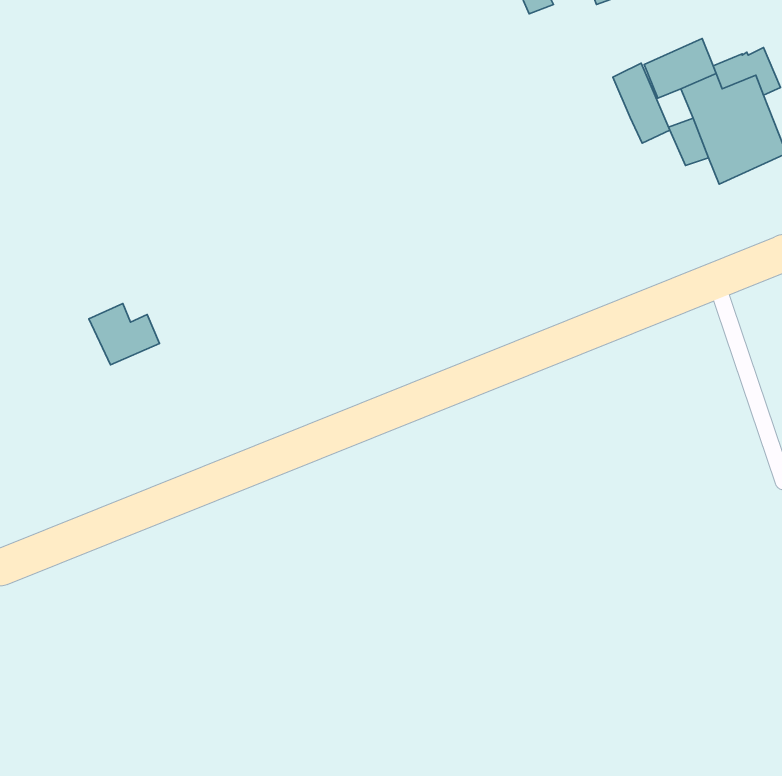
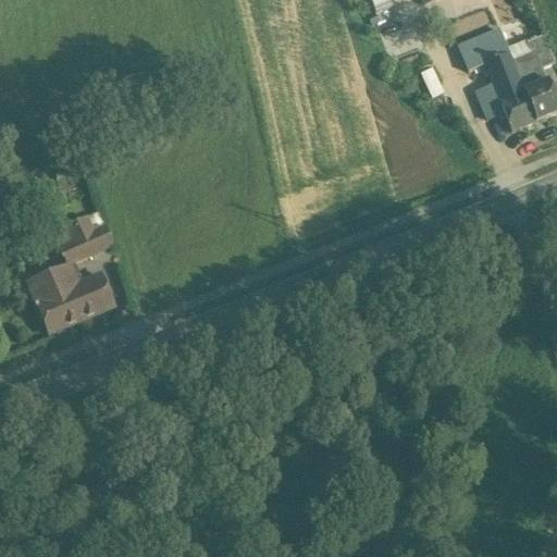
building: [613,63,670,143] -> none
building: none -> [29,269,114,332]

